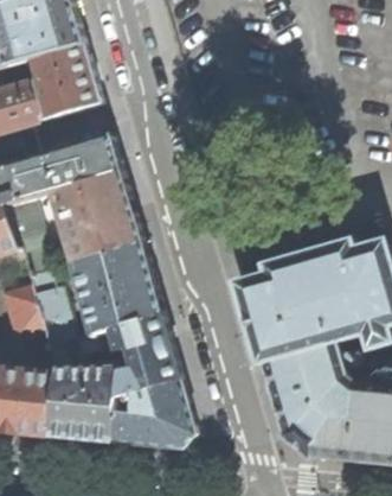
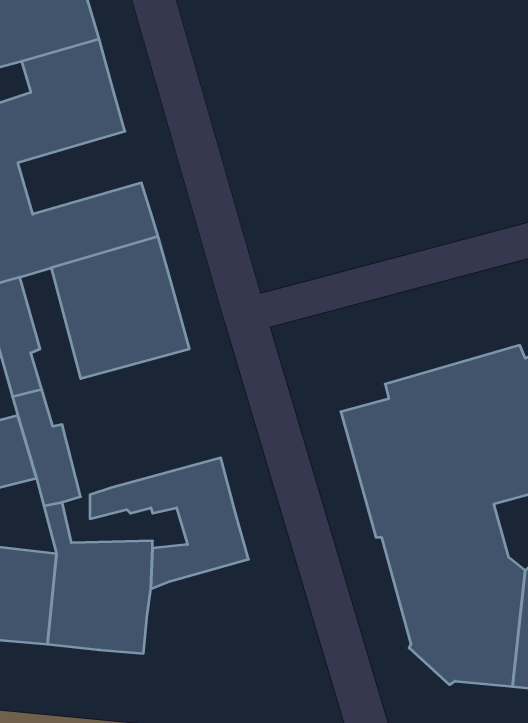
building: [69,244,159,333] -> none
building: [109,380,193,447] -> none

